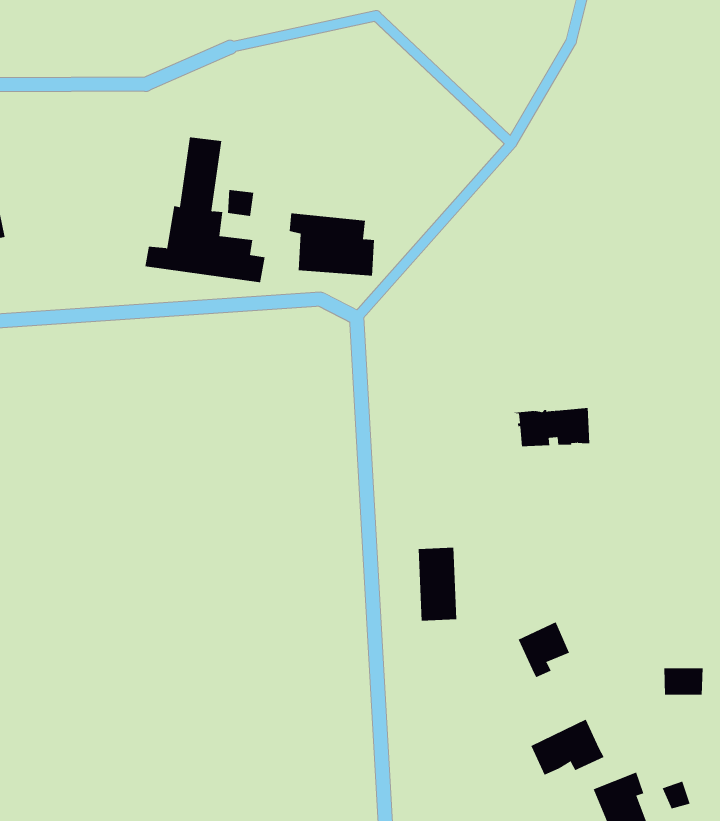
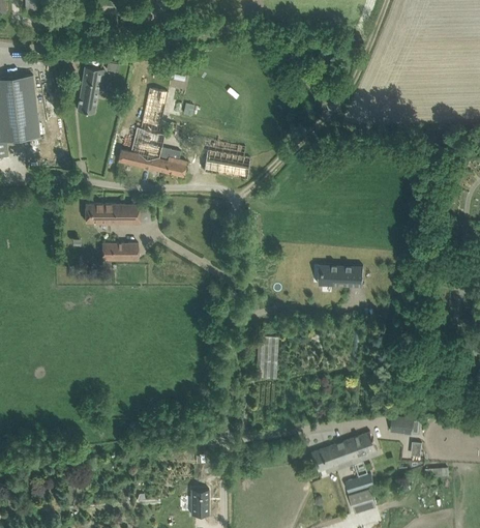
building: none -> [77,66,103,113]
building: none -> [85,204,150,225]
building: none -> [101,243,138,260]
building: [518,621,570,678] -> [344,433,373,464]

